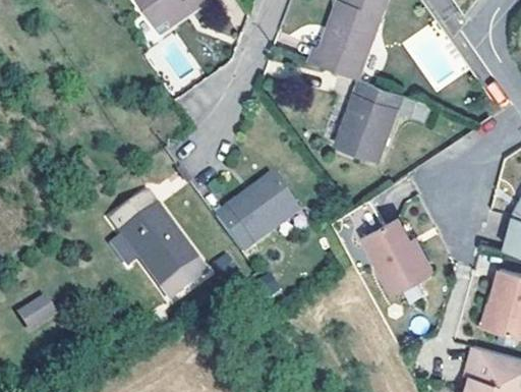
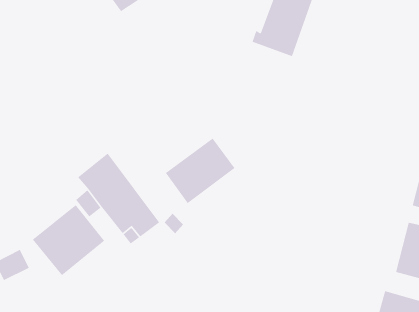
building: [338,78,428,158] -> none
building: [356,222,422,296] -> none
building: none -> [32,204,105,276]

